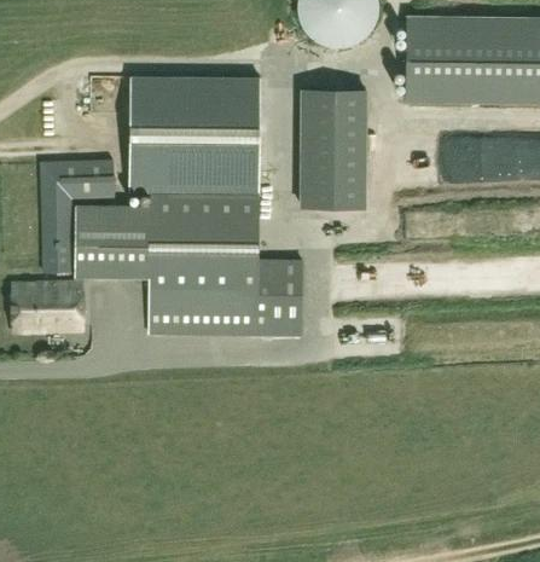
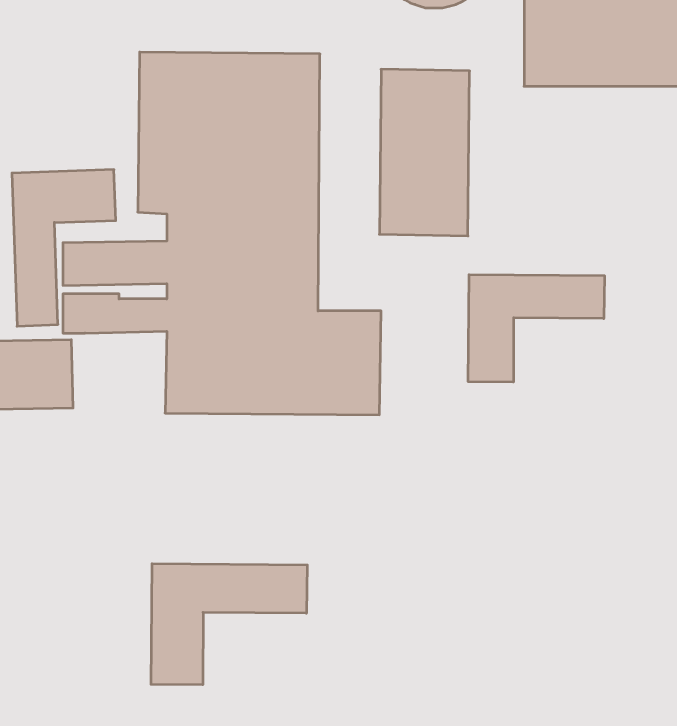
building: none -> [468,275,604,382]
building: none -> [151,564,307,685]

